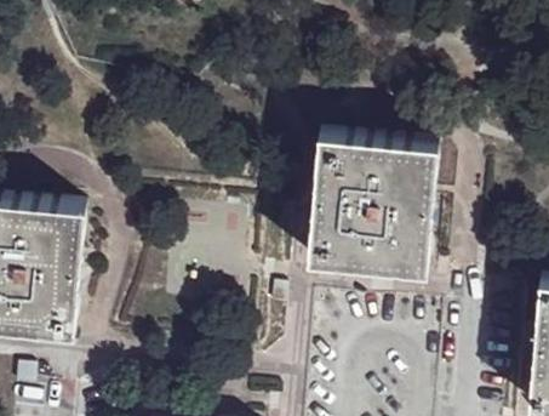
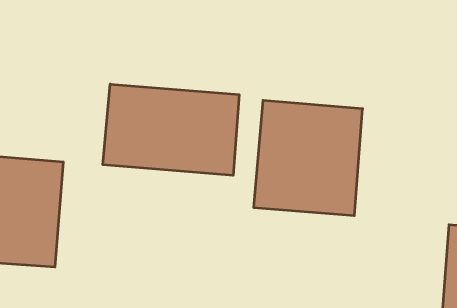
building: none -> [103,84,239,175]

